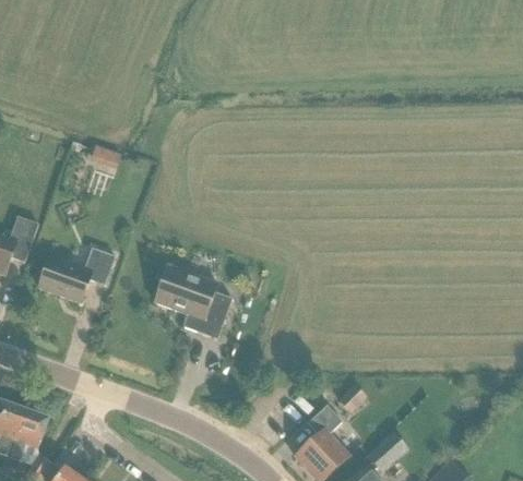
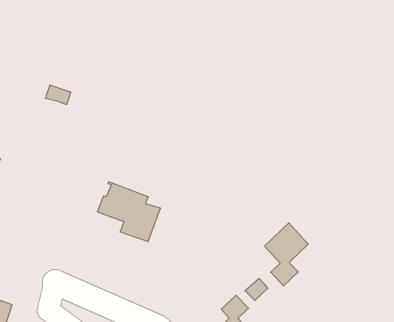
building: [38,246,115,302] -> none
building: none -> [265,223,308,286]

